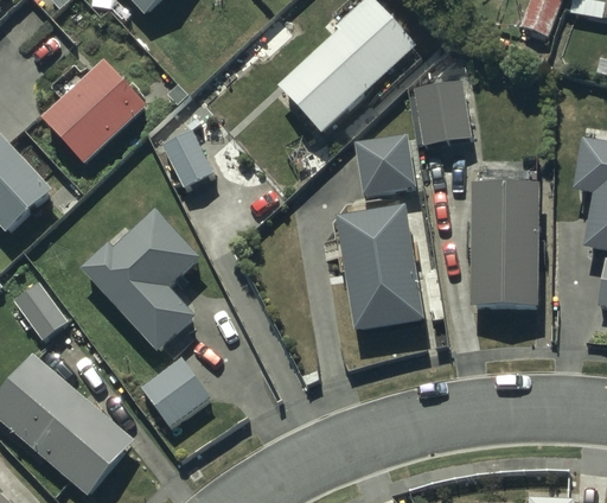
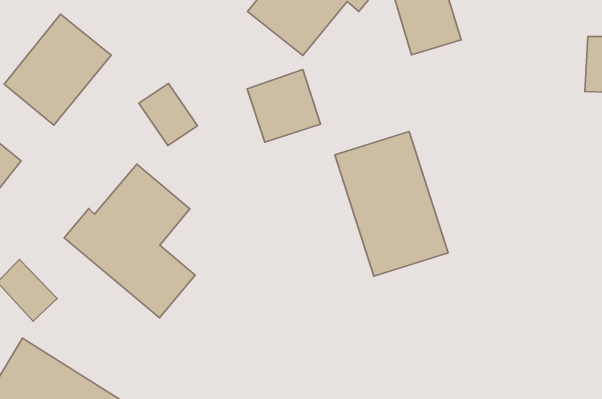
building: [357,140,420,202] -> [247,70,321,142]
building: [469,179,541,301] -> none
building: [140,356,209,424] -> none

